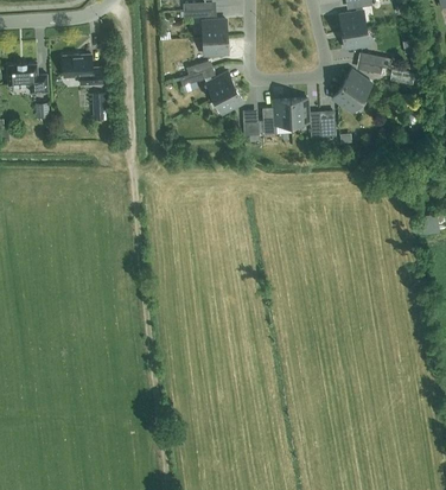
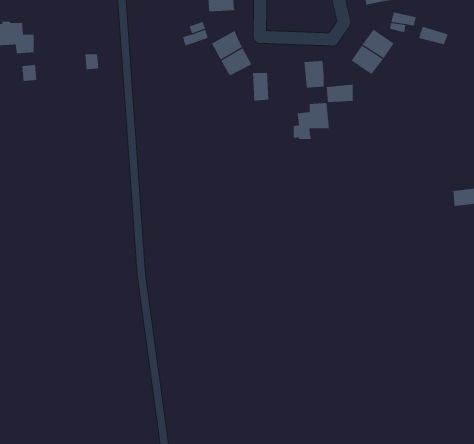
building: [62,55,101,84] -> none
building: [257,100,291,133] -> [293,103,330,139]

